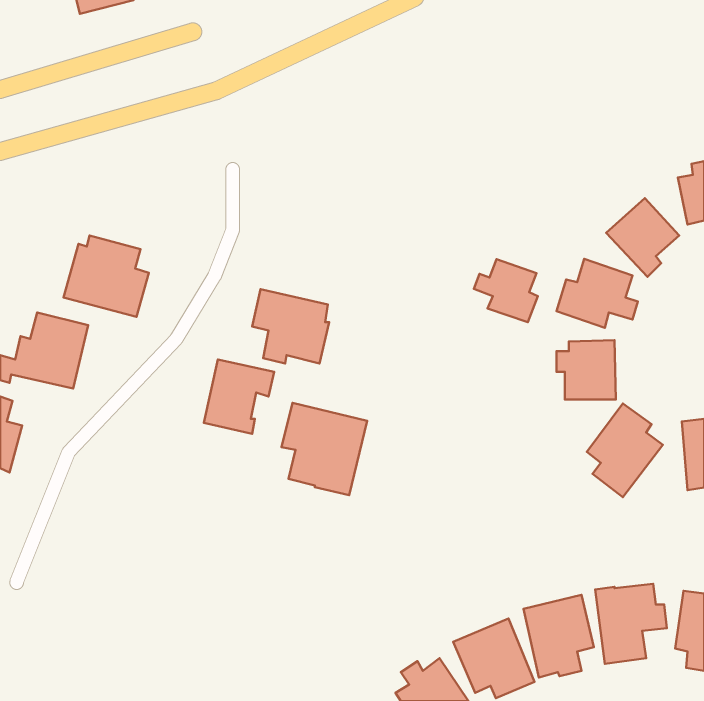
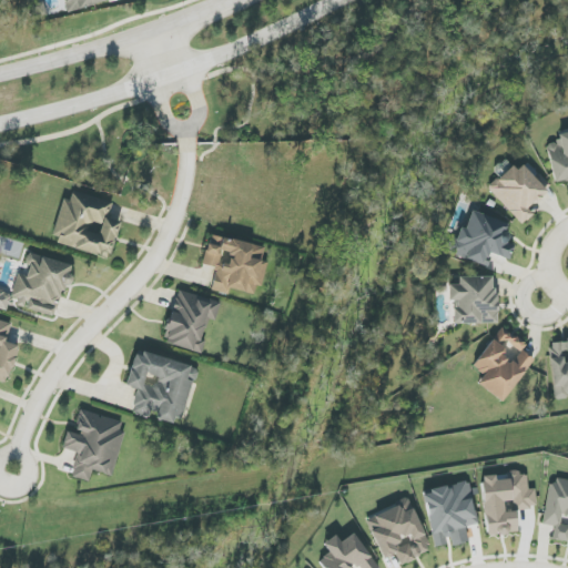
building: [474,259,538,322] -> none
building: [282,403,367,495] -> [126,349,195,424]
building: none -> [62,408,124,479]

